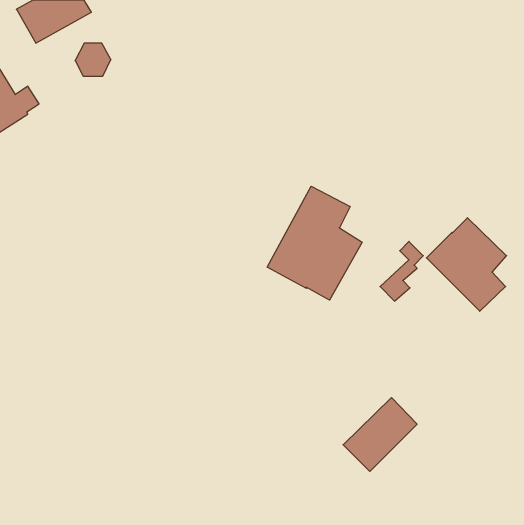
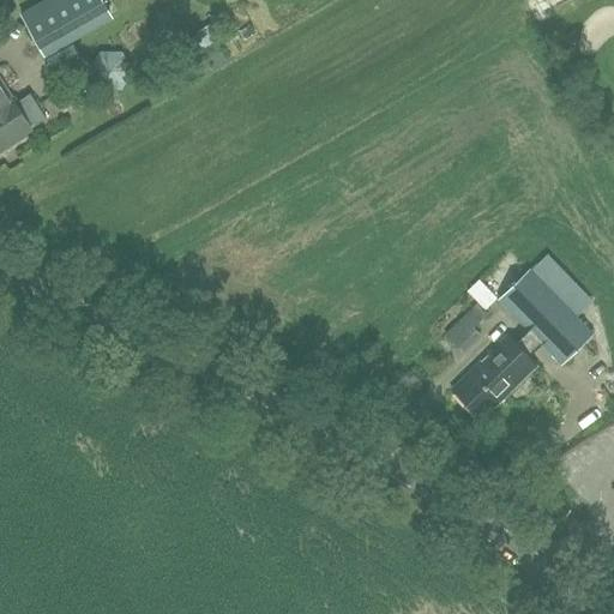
building: [267,186,362,300] -> none
building: [343,398,417,471] -> [450,335,536,421]

